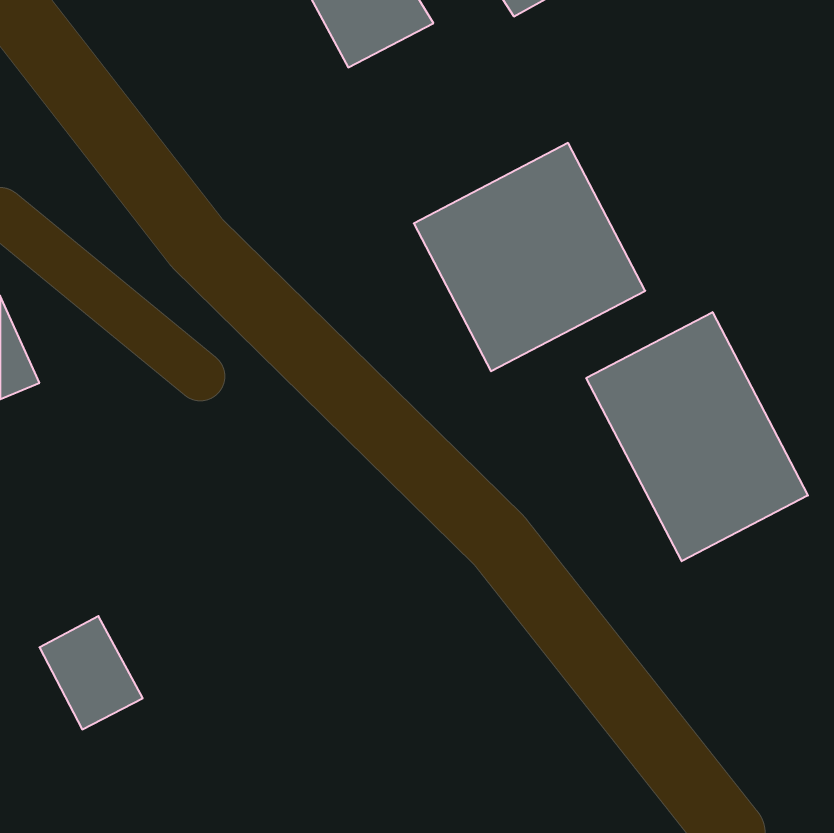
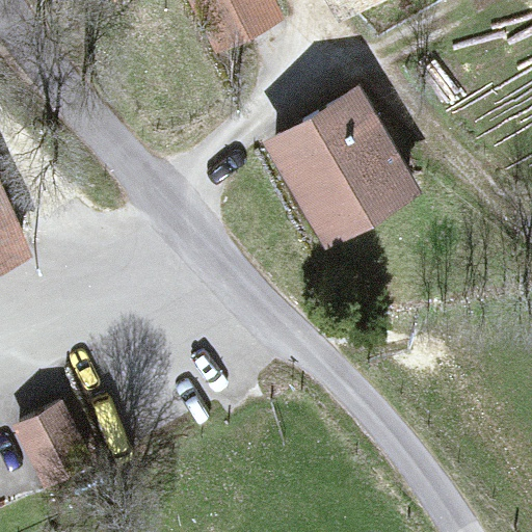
building: [586,312,808,561] -> none

